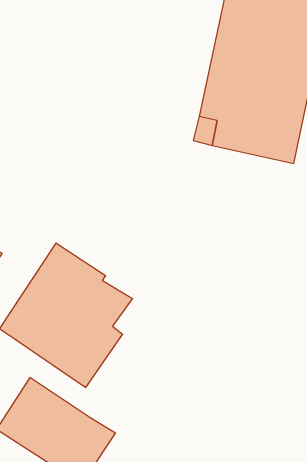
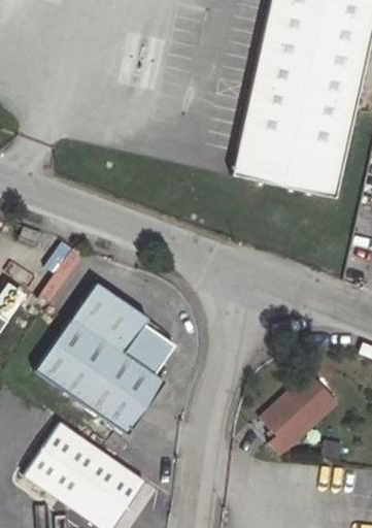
building: none -> [267,374,339,455]

